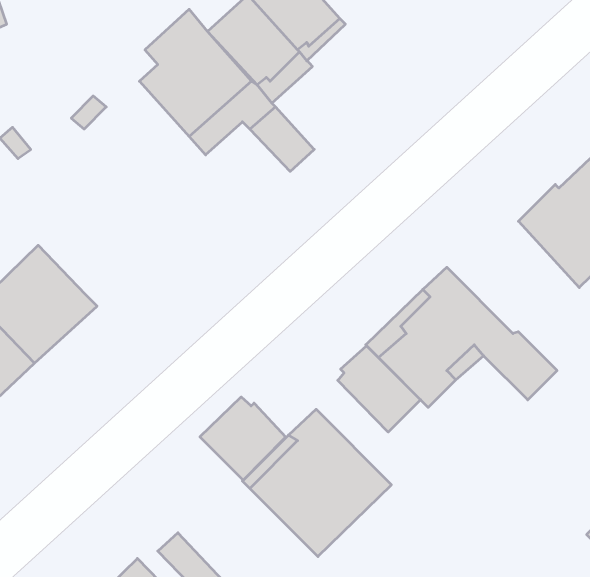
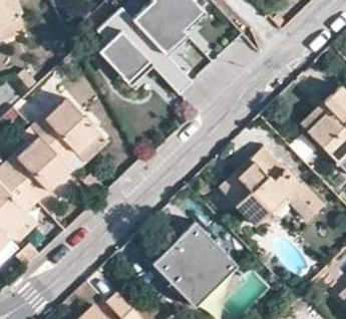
building: none -> [34,99,107,163]
building: [338,346,421,432] -> none
building: [200,397,286,480] -> none

